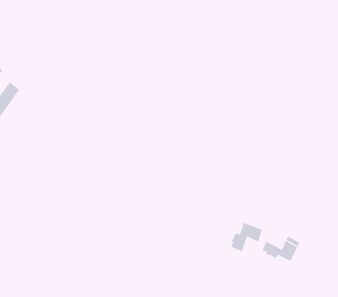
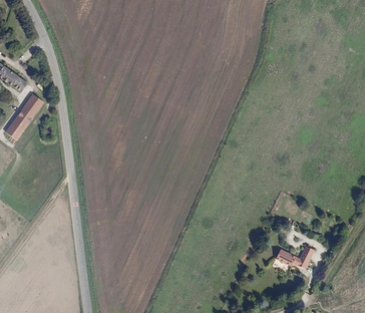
building: [231,222,262,252] -> none

